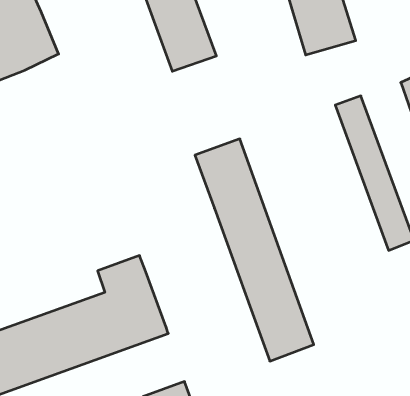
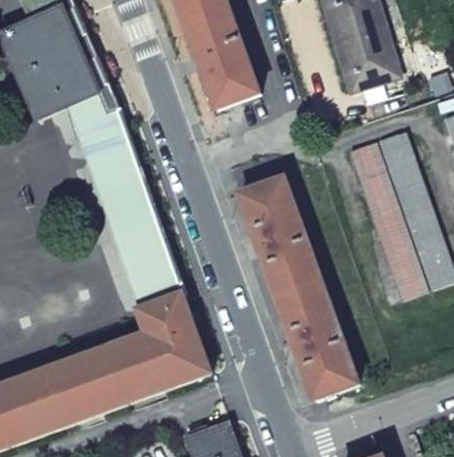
building: none -> [66,91,184,309]
building: none -> [349,143,428,298]

